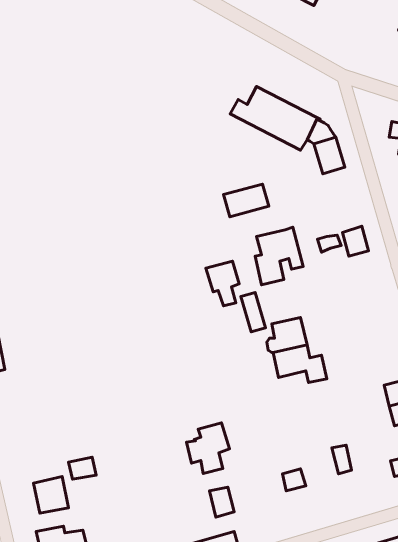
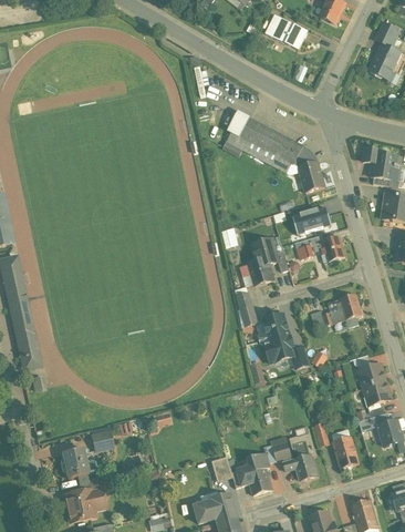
building: [223,184,269,217] -> [289,204,328,232]
building: [206,261,239,306] -> none
building: none -> [321,294,361,324]
building: [186,423,229,474] -> [236,452,272,495]
building: none -> [333,436,360,468]
building: none -> [281,453,316,480]

